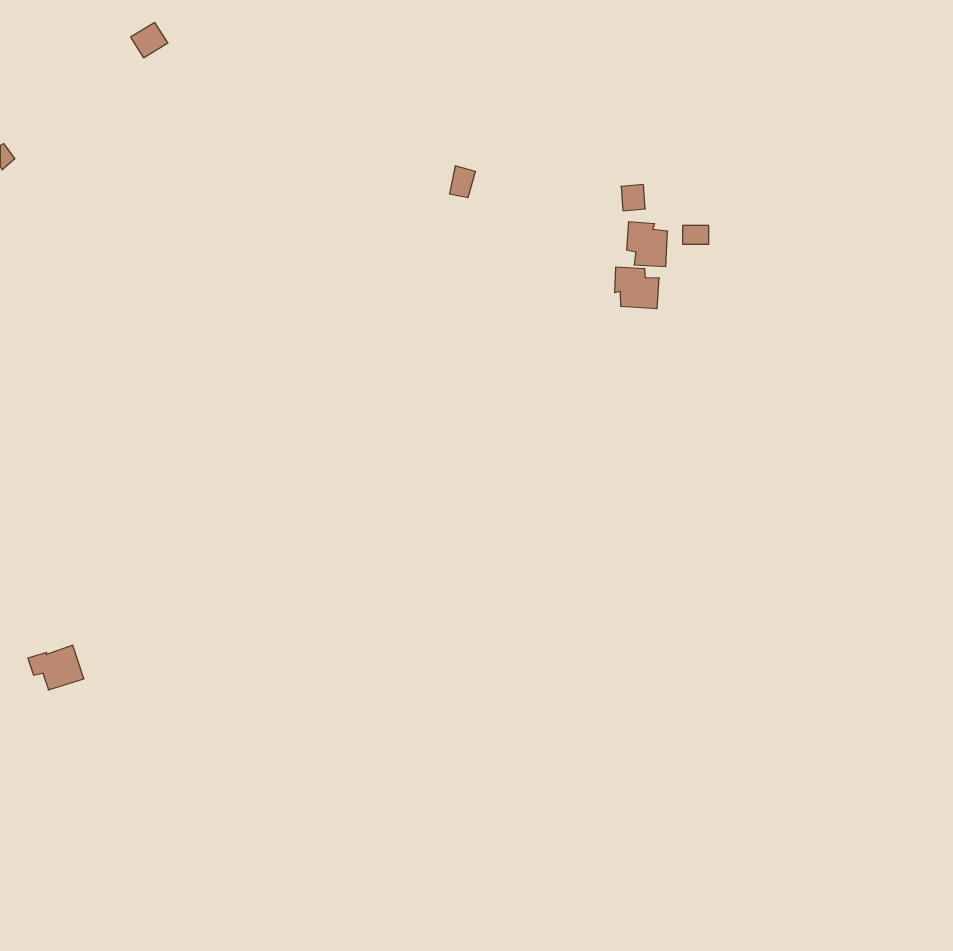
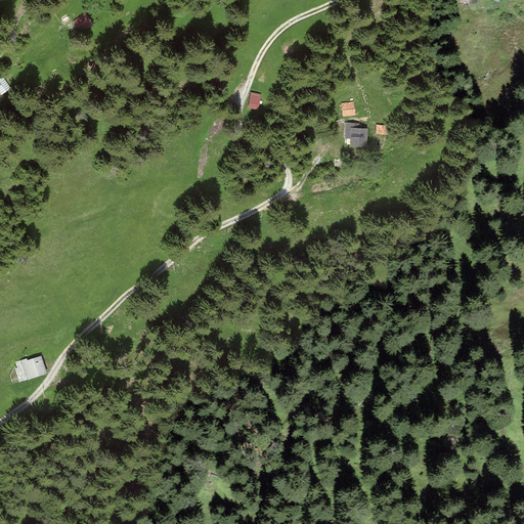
building: [615,267,659,309] -> none

